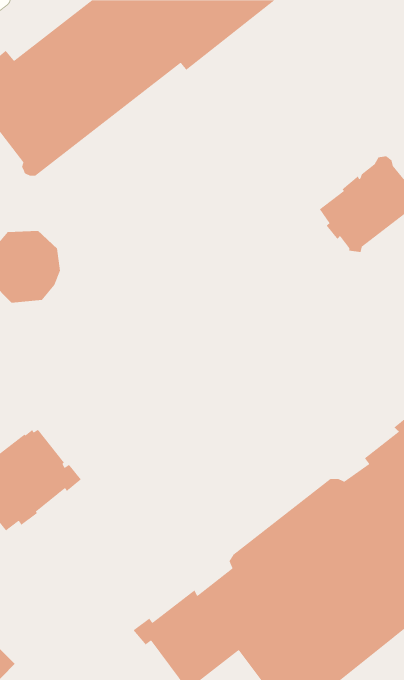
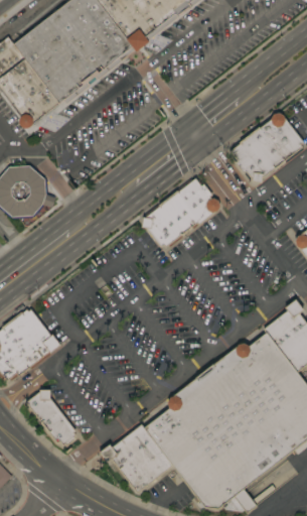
building: none -> [140,177,219,246]
building: none -> [27,389,76,445]

